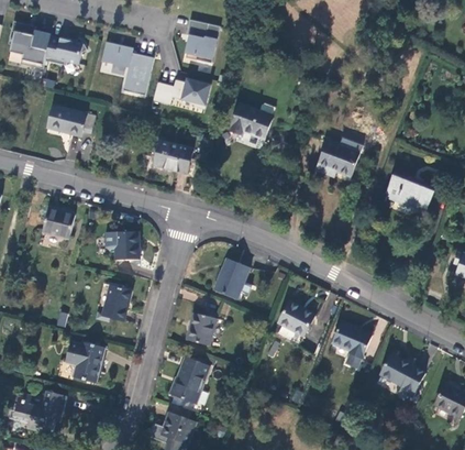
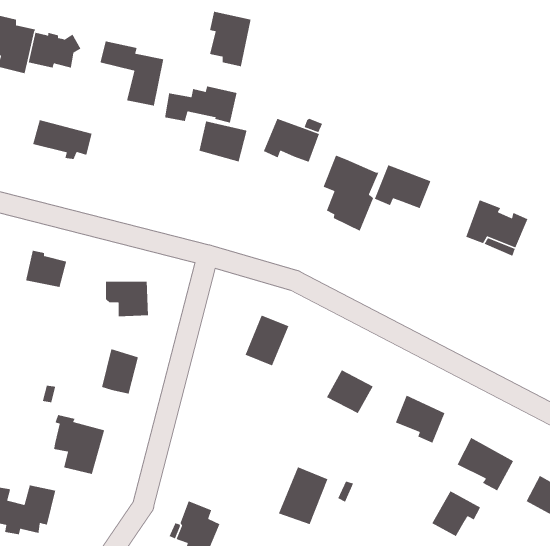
building: none -> [323,155,379,232]
building: [154,141,192,174] -> [198,120,248,163]
building: [186,311,215,345] -> none
building: [169,356,209,403] -> [278,466,328,525]
building: none -> [431,490,481,537]

